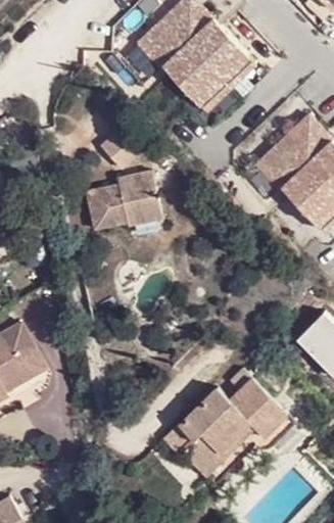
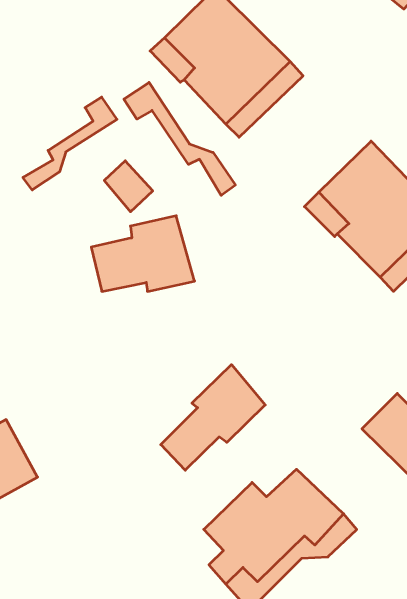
building: none -> [124,82,235,195]
building: none -> [23,97,117,190]
building: none -> [161,365,265,470]

